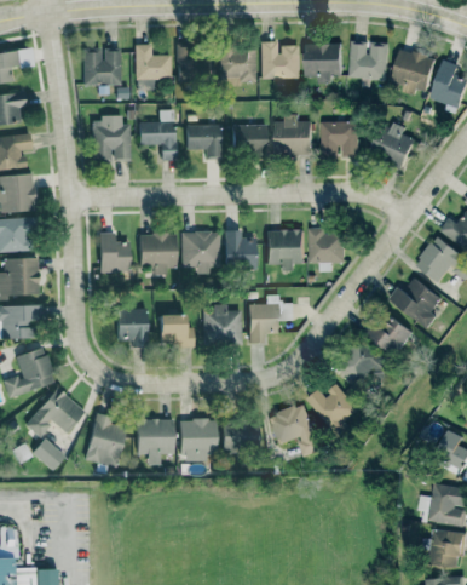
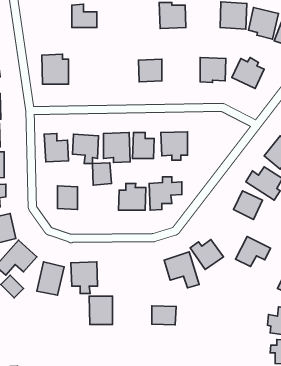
building: [304,44,341,84] -> none
building: [82,47,121,85] -> none
building: [220,50,258,84] -> none
building: [178,55,212,78] -> none
building: [139,109,175,161] -> none
building: [273,119,311,156] -> none
building: [186,124,221,156] -> none
building: [309,226,345,263] -> none
building: [156,315,184,348] -> [92,163,112,185]
building: [339,340,390,384] -> [236,237,271,267]
building: [179,419,213,460] -> [89,296,112,325]
building: [221,421,256,449] -> [152,306,176,325]

